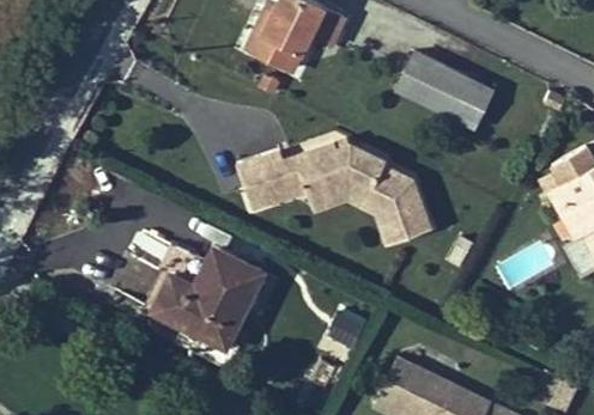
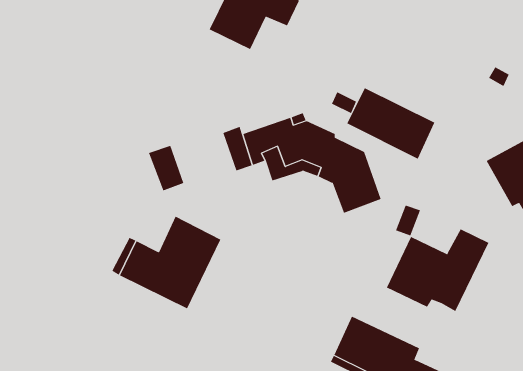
building: [395,53,490,129] -> [347,88,435,159]
building: [238,160,277,209] -> [148,145,184,191]
building: none -> [386,228,489,312]

